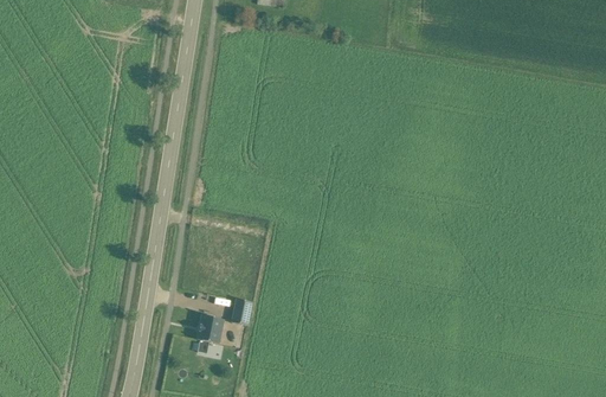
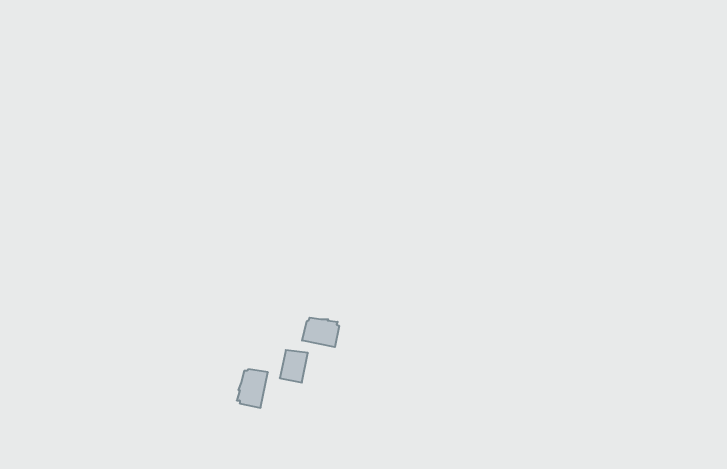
building: none -> [302,318,339,347]

